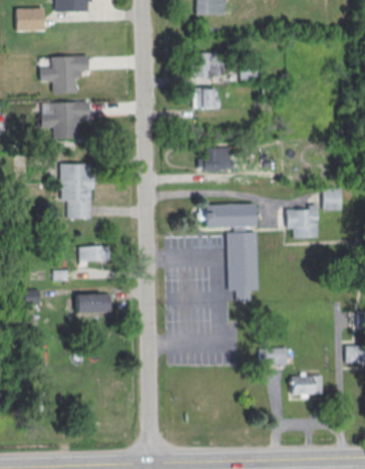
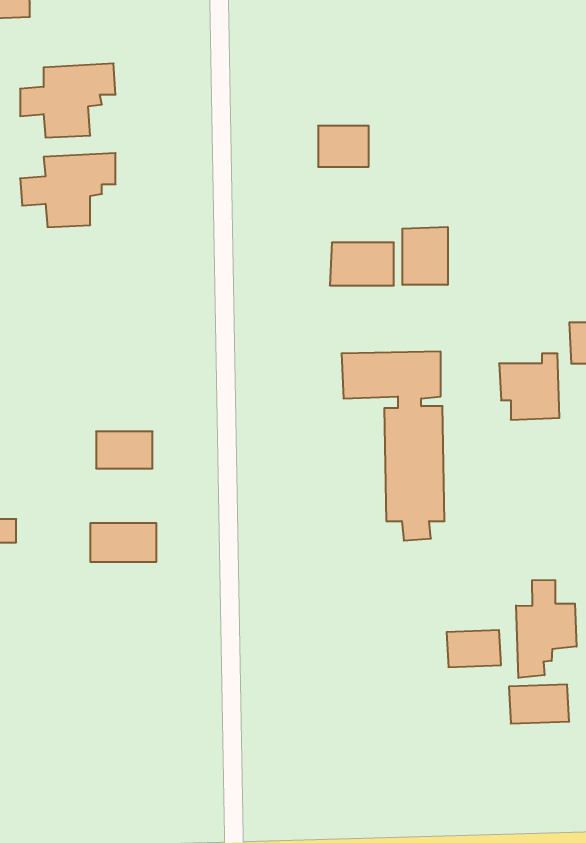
building: [196,52,225,77] -> none
building: none -> [402,227,448,285]
building: [60,165,94,219] -> none
building: none -> [516,580,577,678]

